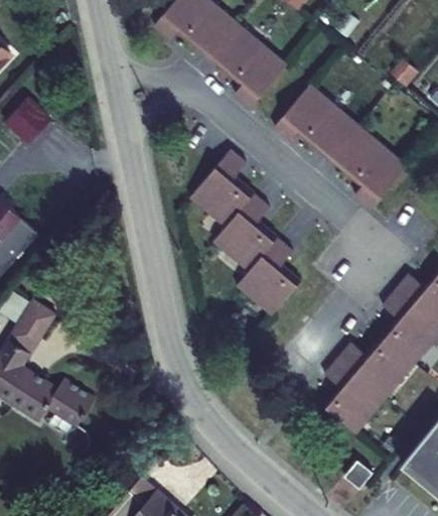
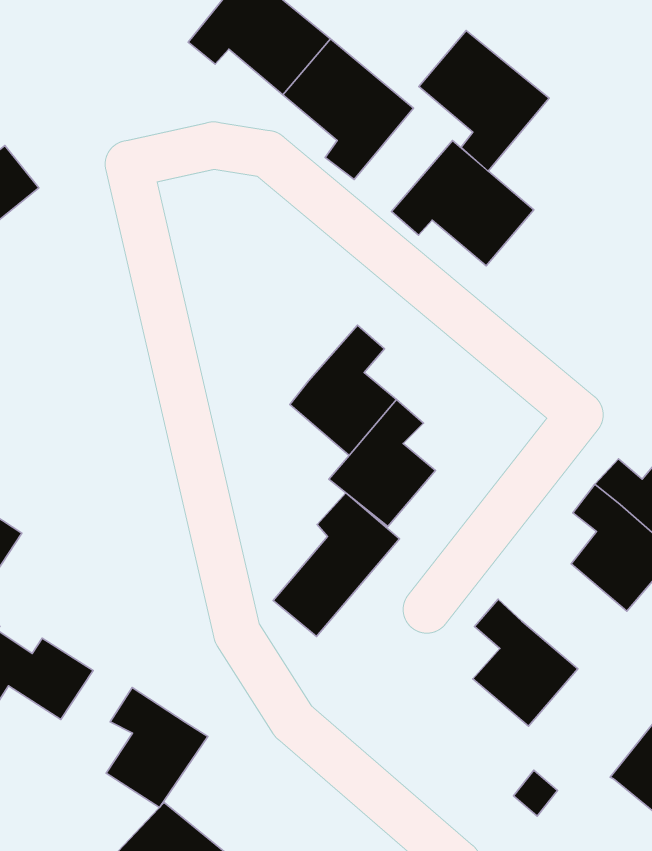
building: [329,126,407,210] -> [419,30,549,171]
building: [189,151,253,228] -> none
building: none -> [273,493,400,636]
building: [336,337,413,399] -> none
building: none -> [106,687,208,808]

